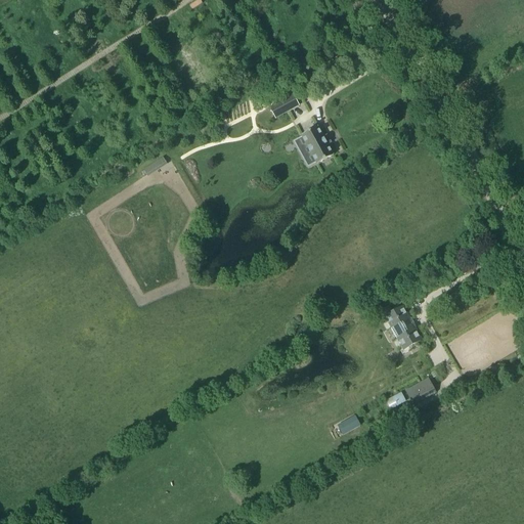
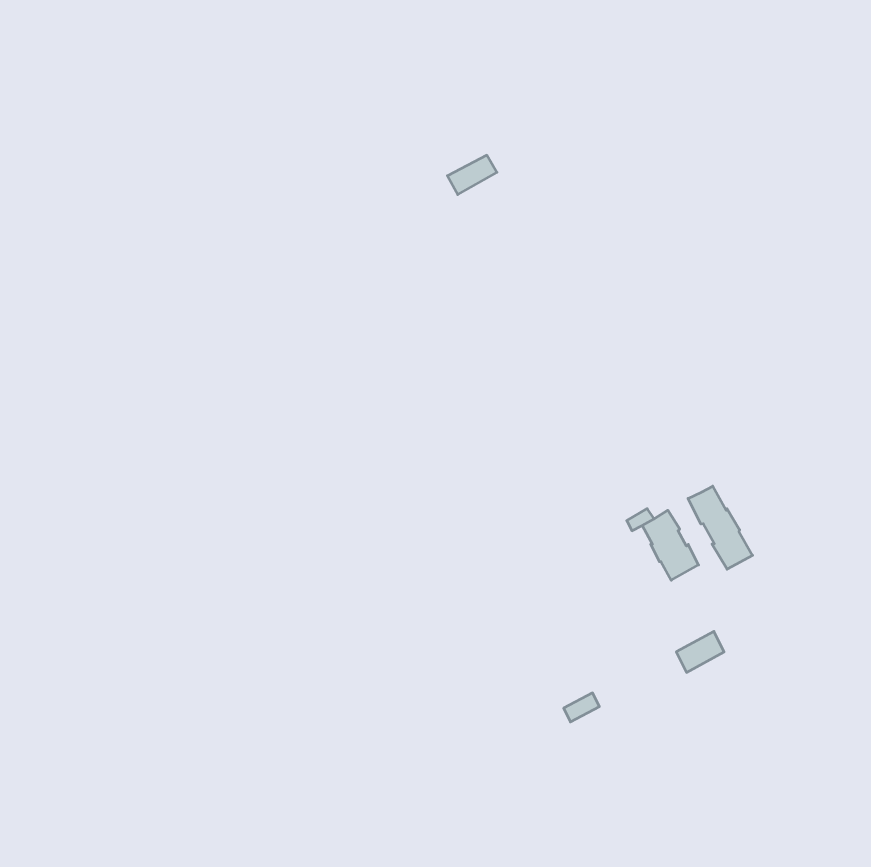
building: [300,125,332,163] -> none
building: none -> [688,486,753,569]

